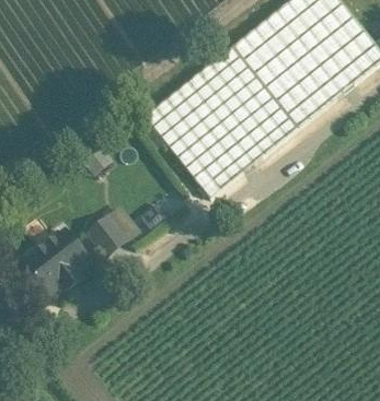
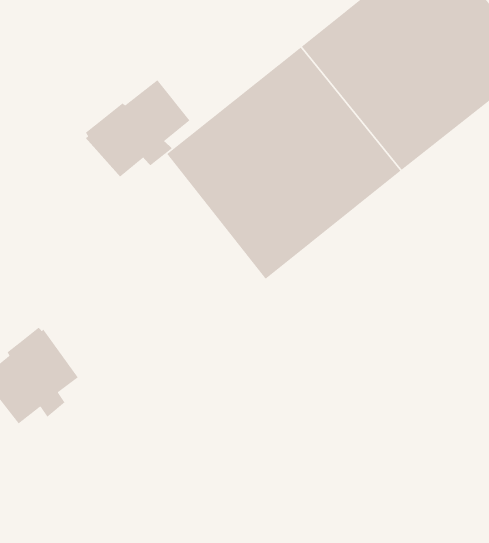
building: none -> [85,79,191,177]
building: [87,216,127,258] -> none

